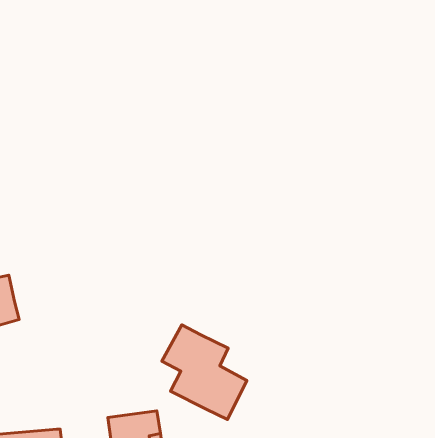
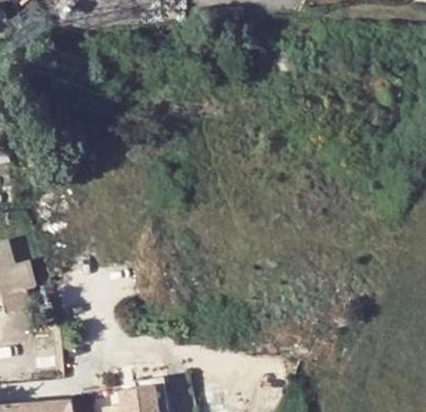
building: [162,325,247,420] -> none

